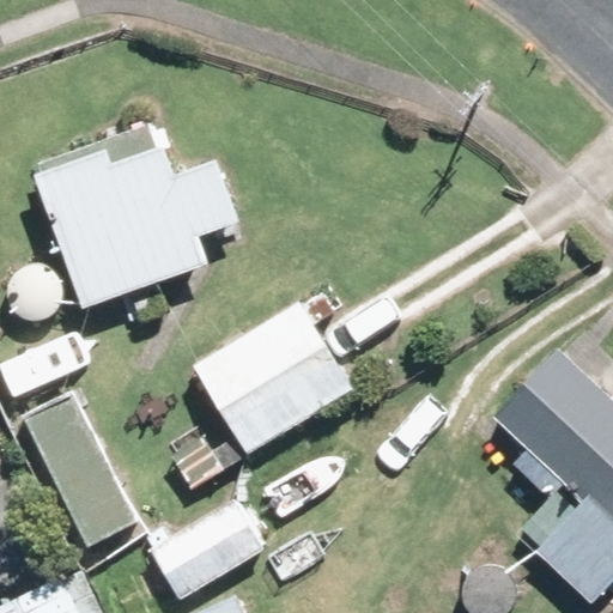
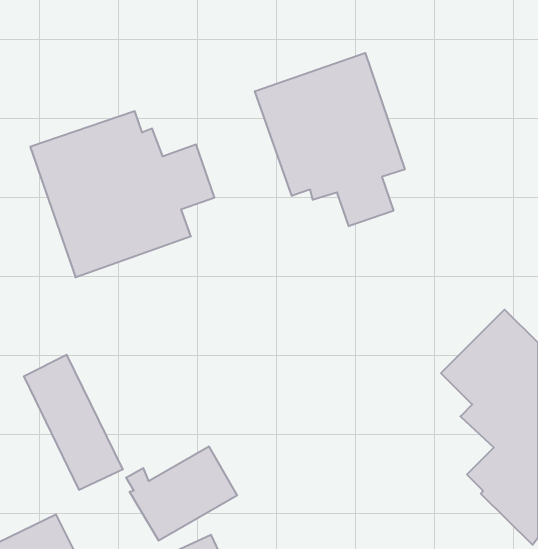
building: none -> [255,53,405,226]
building: [193,301,356,457] -> none

